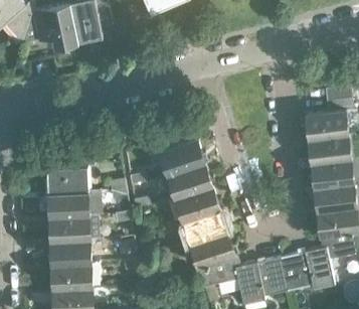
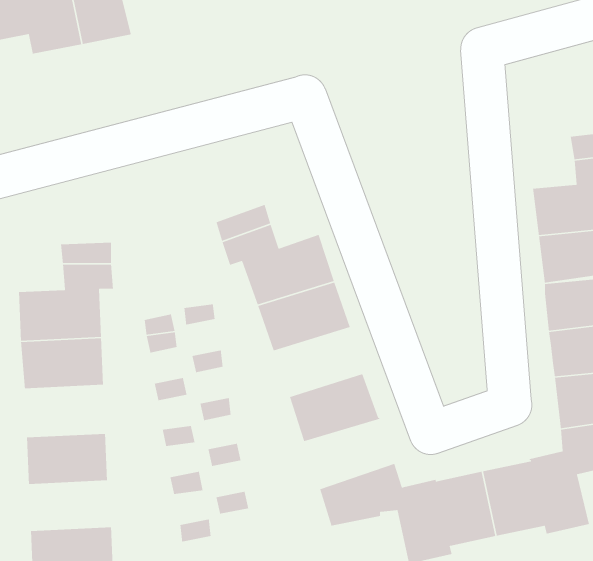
building: [174,187,220,222] -> none
building: [48,216,99,243] -> none
building: [188,234,235,269] -> none
building: [50,265,93,290] -> none

